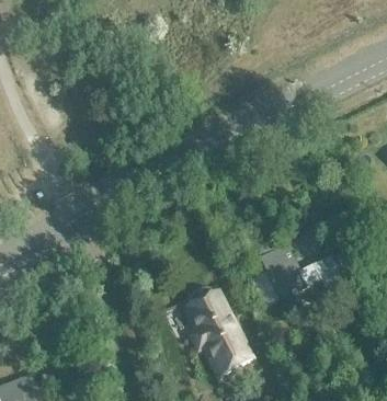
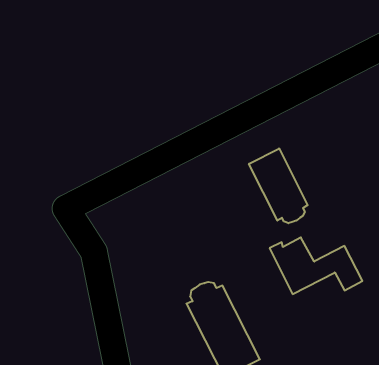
building: none -> [249,148,308,223]

